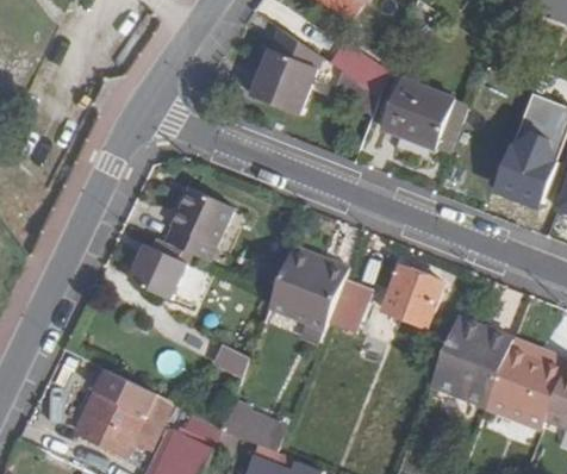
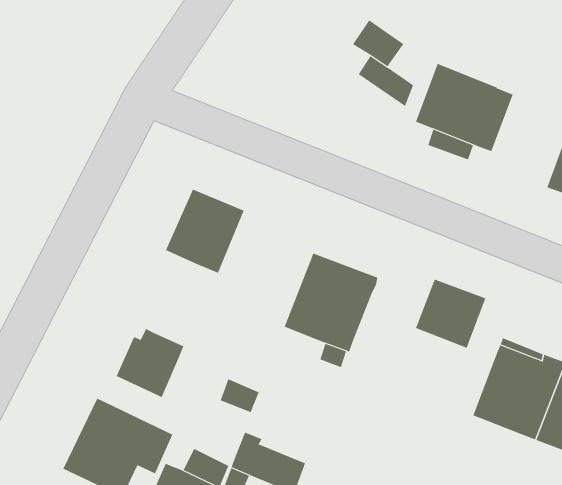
building: [251,27,322,113] -> none
building: [130,237,189,298] -> [116,328,184,398]
building: [328,277,370,330] -> none

